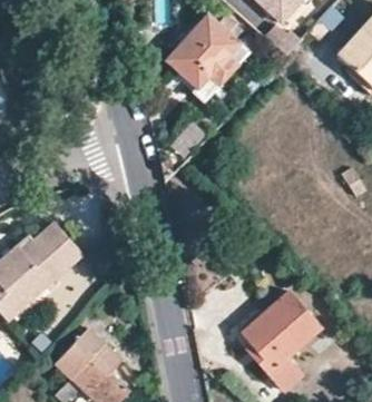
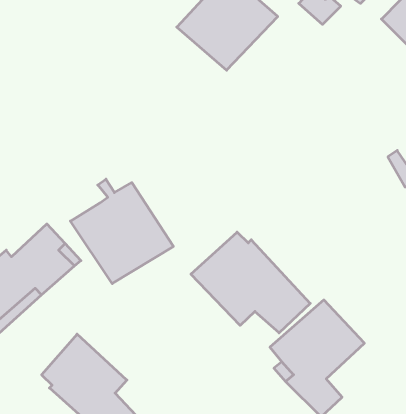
building: none -> [70,179,173,284]
building: none -> [191,232,310,333]

